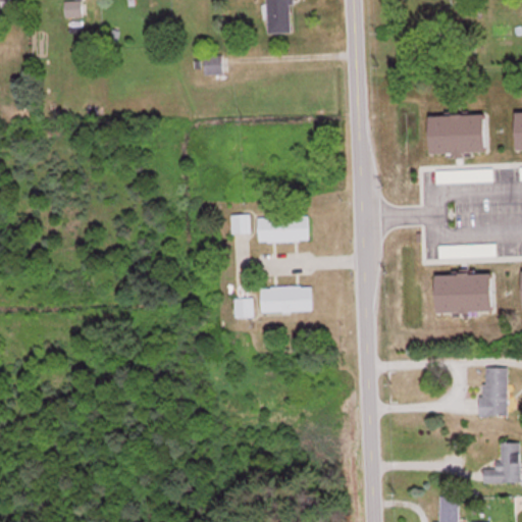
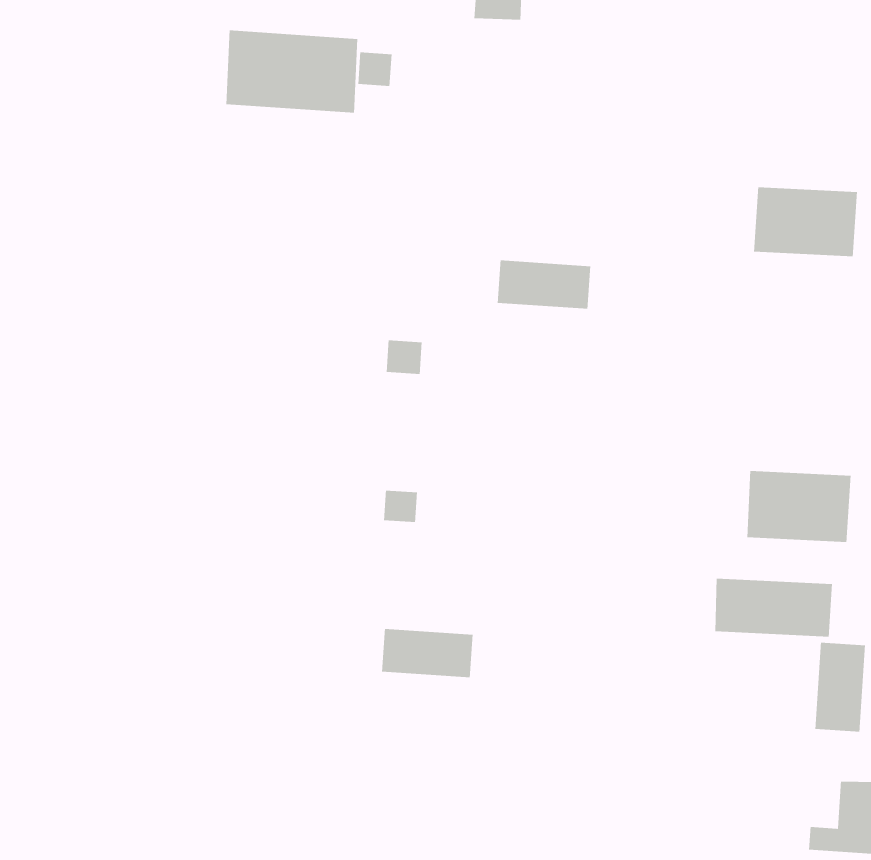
building: none -> [225,30,358,113]
building: [257,217,308,242] -> [497,260,591,310]
building: [261,286,311,311] -> [381,628,474,678]
building: none -> [715,578,833,638]

